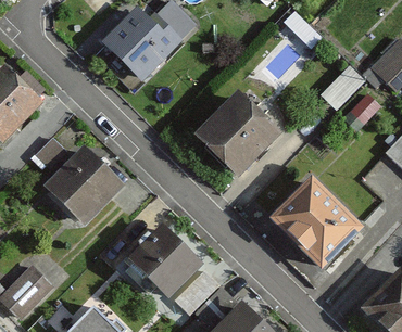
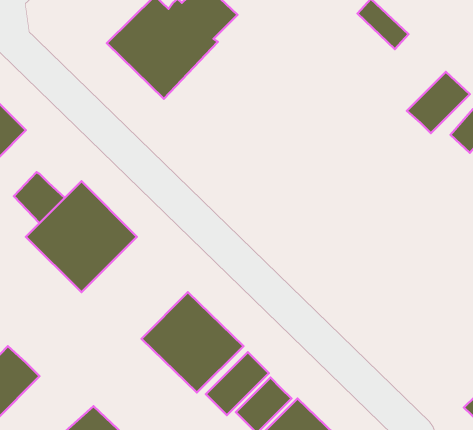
building: [193,90,280,177] -> none
building: [269,176,362,268] -> none

